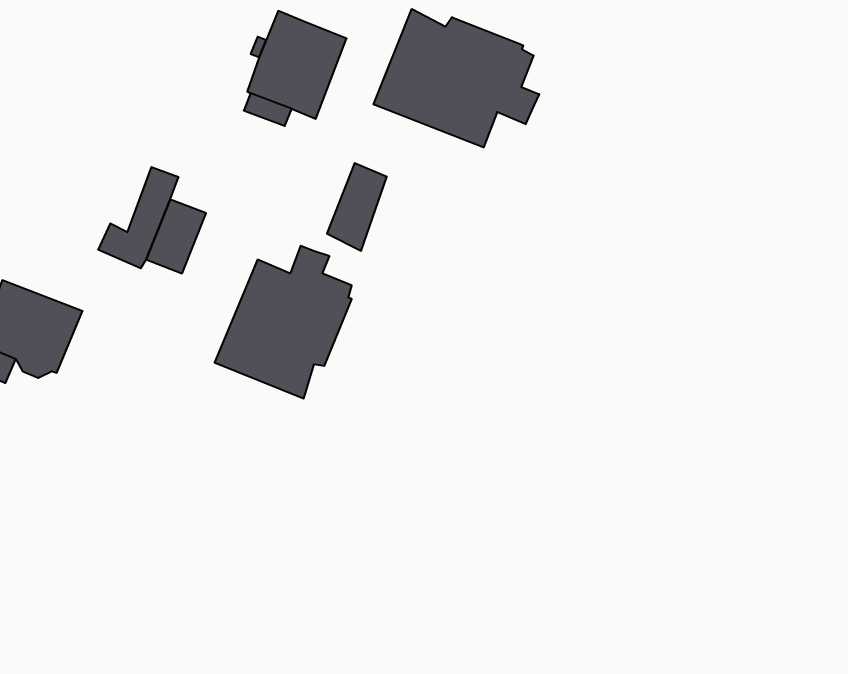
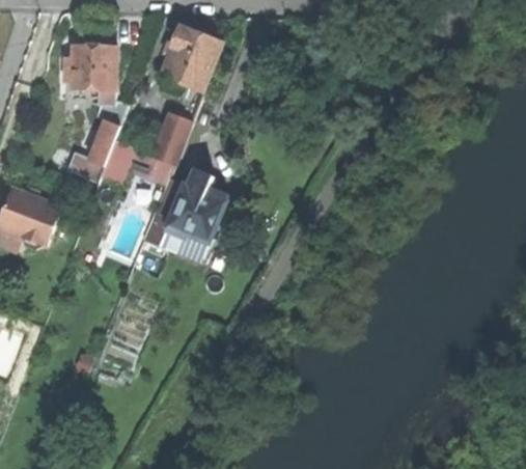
building: [374,9,539,147] -> none
building: none -> [71,44,115,104]
building: [327,163,387,251] -> [153,112,189,165]

